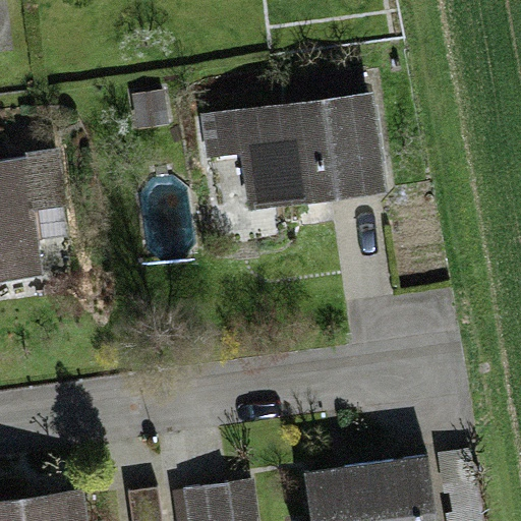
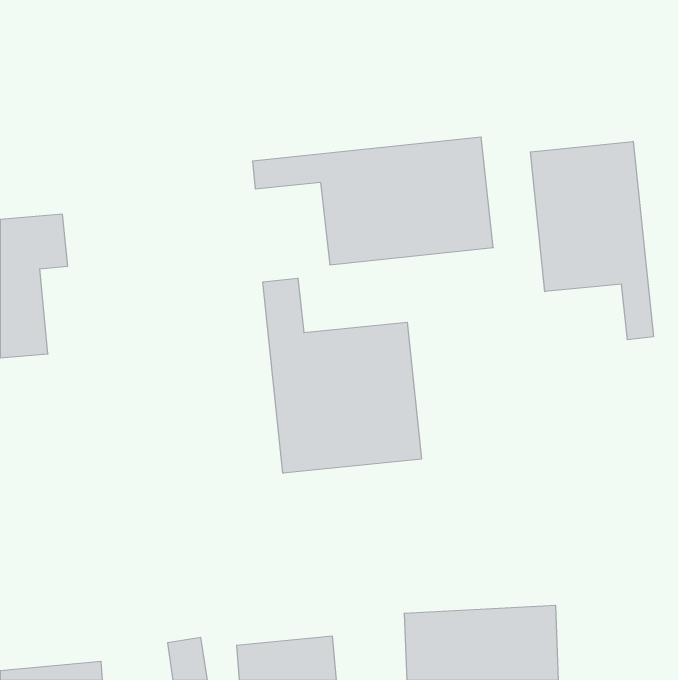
building: none -> [530,141,653,340]
building: none -> [263,278,421,473]

